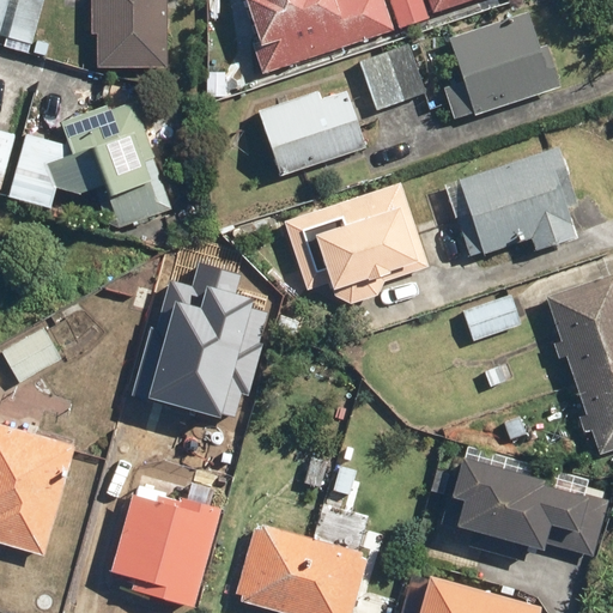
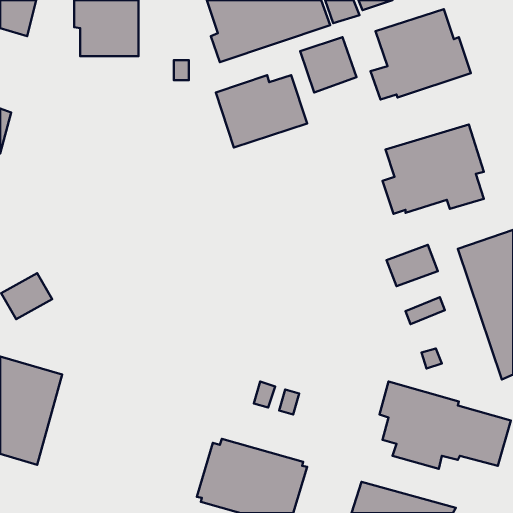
building: [8,96,170,227] -> none
building: [283,183,429,296] -> none
building: [133,263,272,417] -> none
building: [110,492,221,606] -> none

